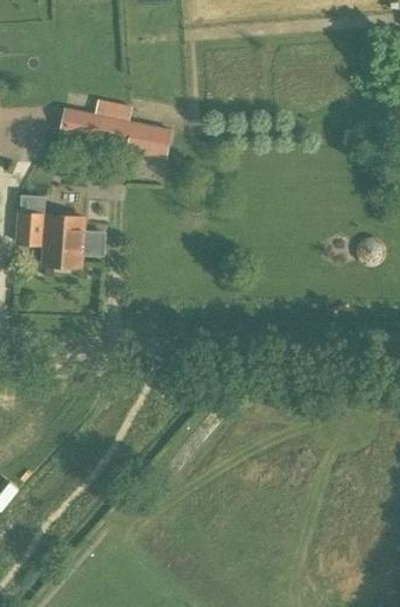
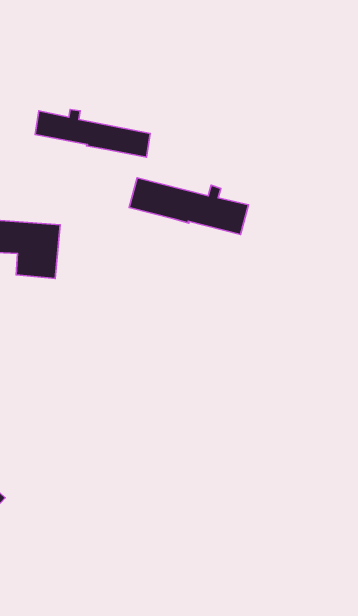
building: none -> [129,178,248,234]

